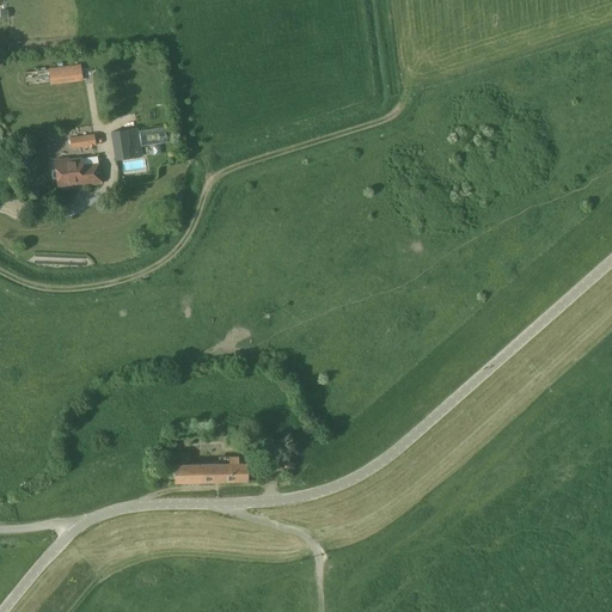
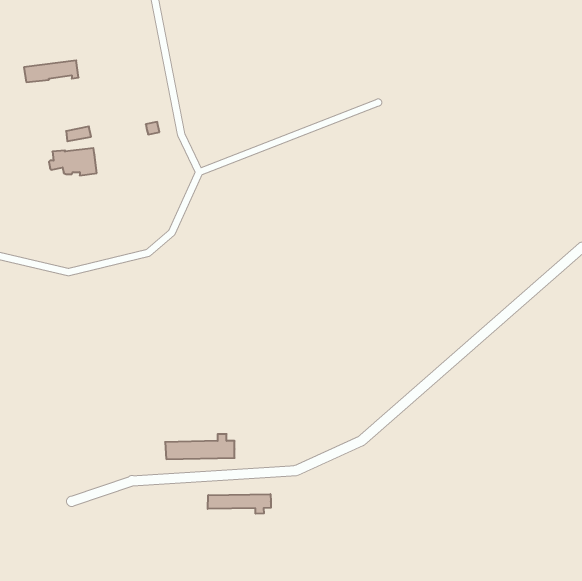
building: [111,127,142,159] -> none
building: none -> [208,494,271,514]

